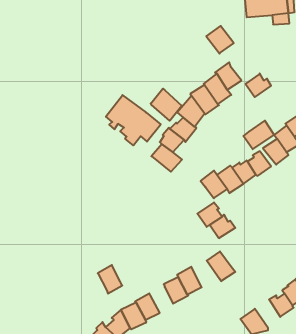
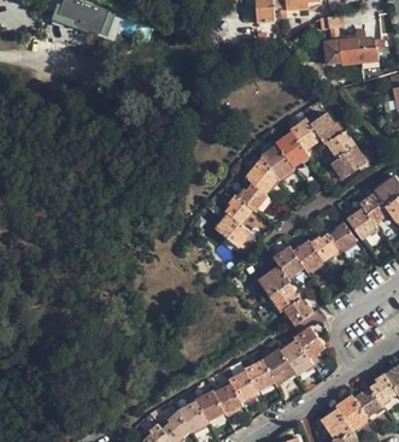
building: [206,26,234,54] -> [309,111,341,143]
building: [151,89,182,121] -> none
building: [106,95,161,145] -> none
building: [243,121,274,149] -> [330,145,366,178]
building: none -> [258,264,289,295]
building: none -> [294,325,324,358]
building: none -> [262,347,295,385]
building: [98,265,122,294] -> [213,382,242,416]
building: none -> [334,394,368,430]

